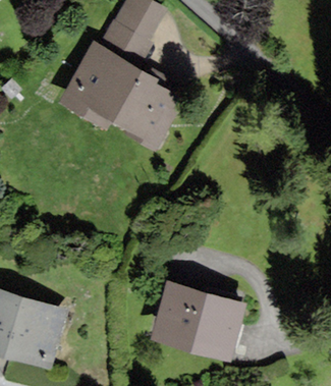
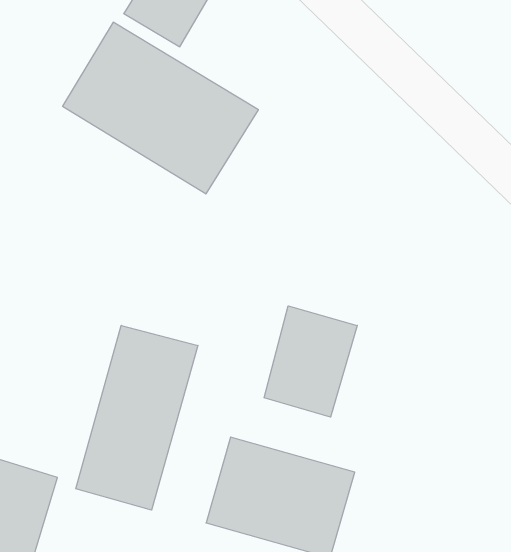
building: none -> [264,306,357,417]
building: none -> [76,325,198,510]

